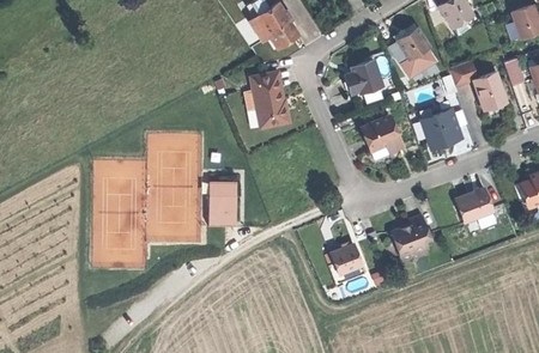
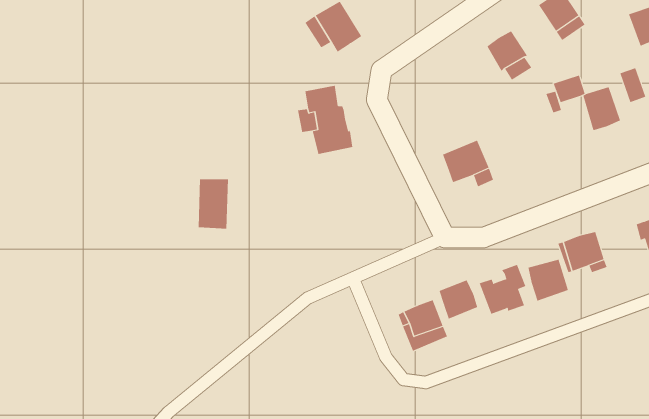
building: [344,59,382,92] -> none
building: [423,111,462,147] -> none
building: [208,182,234,223] -> [198,179,229,229]
building: none -> [528,259,568,301]
building: none -> [439,280,478,319]

